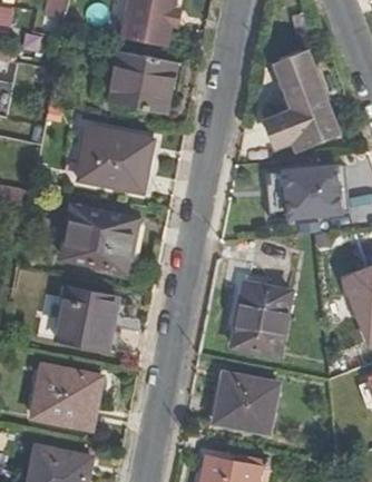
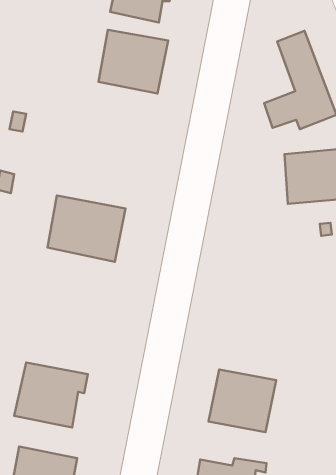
building: [79,127,151,191] -> none
building: [231,283,290,355] -> none
building: [57,287,116,347] -> none

